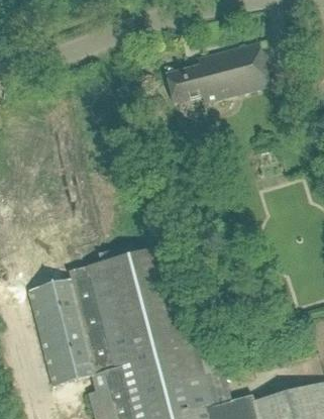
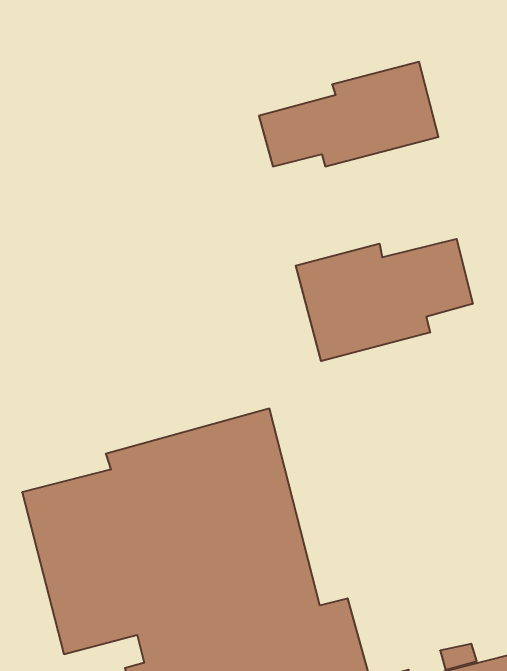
building: none -> [296,239,473,361]

